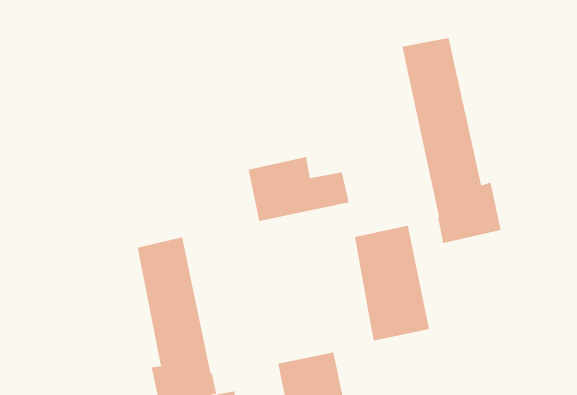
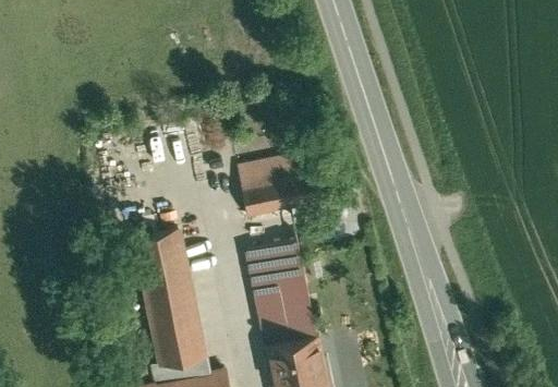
building: [402,37,501,244] -> none
building: [354,225,430,341] -> [248,240,318,347]

